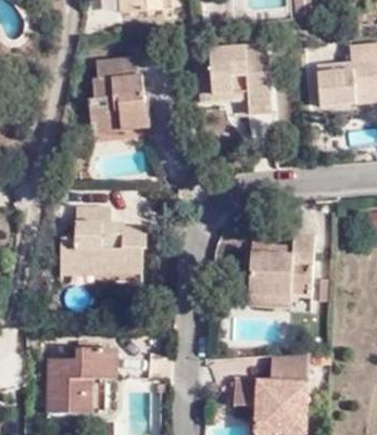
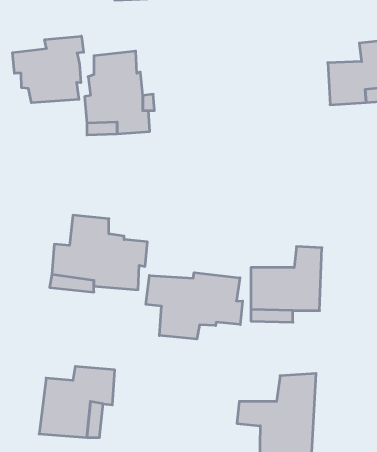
building: none -> [13,36,84,103]
building: [197,49,268,117] -> none
building: none -> [146,273,243,339]

